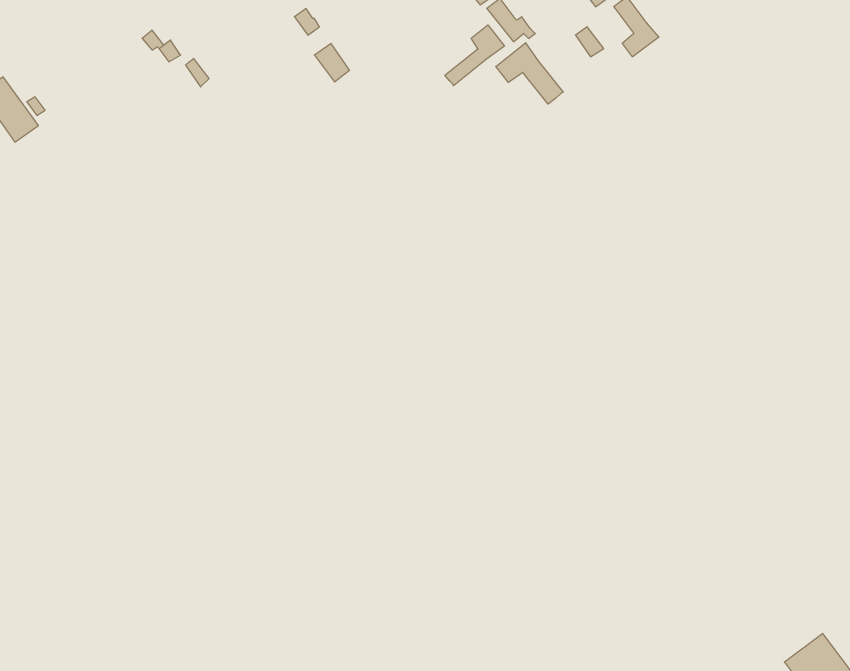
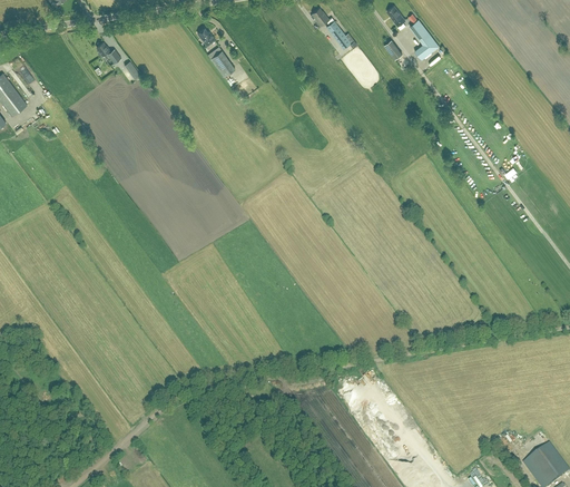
building: [445,25,505,86] -> none
building: [496,43,563,104] -> none

